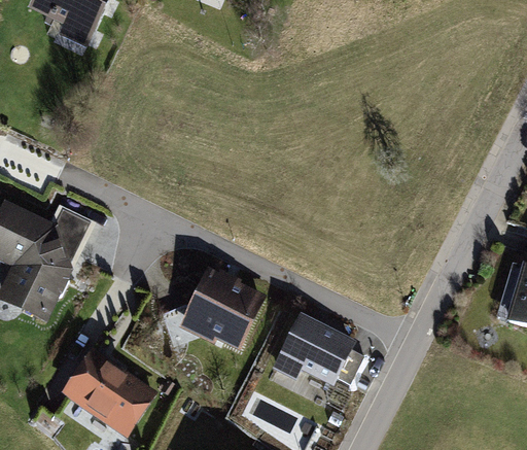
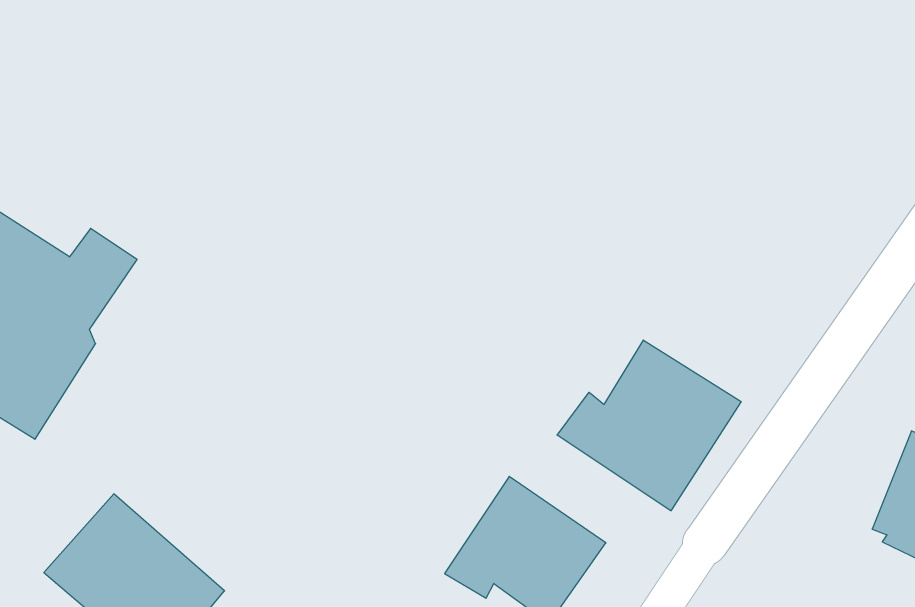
building: none -> [557,340,741,511]
building: [178,268,267,351] -> none

